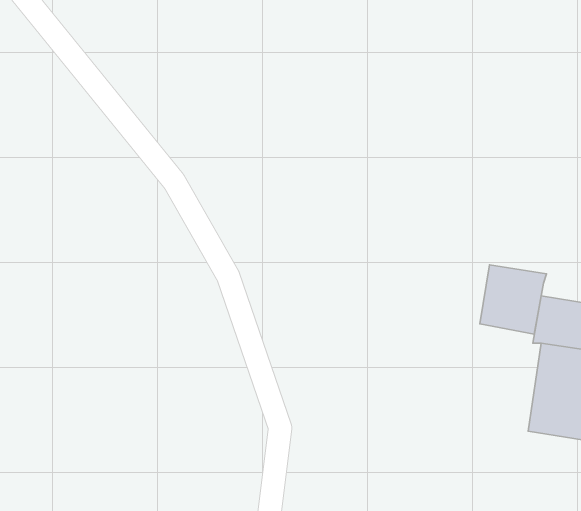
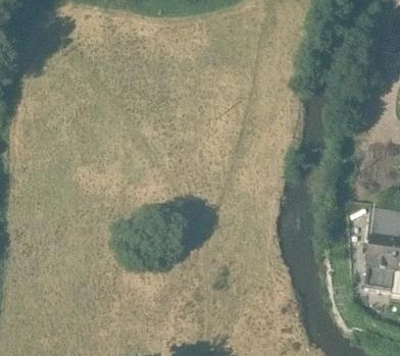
building: [480,265,547,334] -> none

